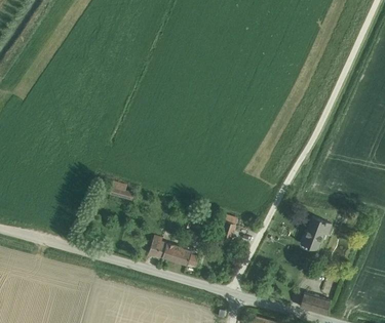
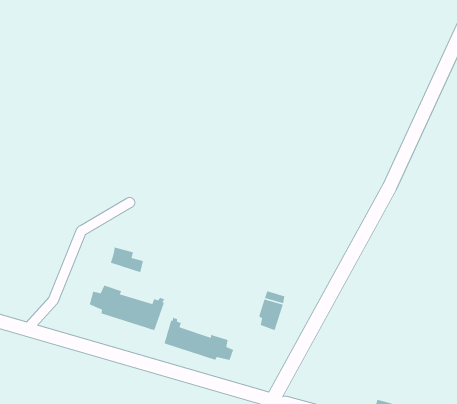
building: none -> [89,285,165,331]
building: [302,216,333,250] -> none

